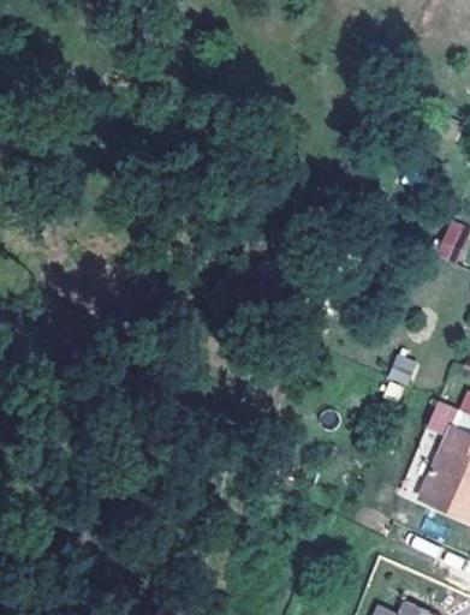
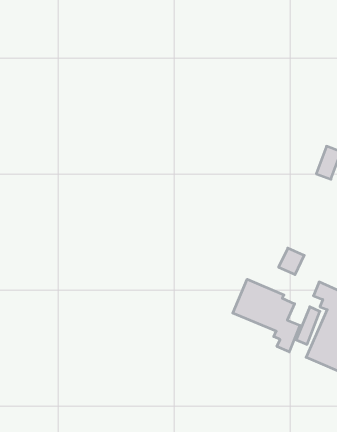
building: none -> [233,279,300,352]

